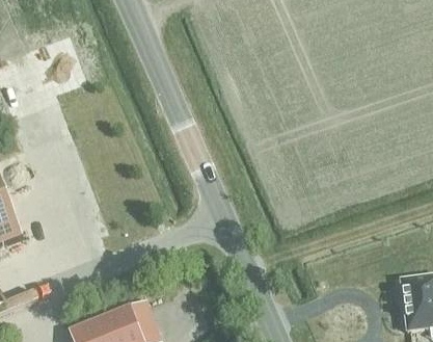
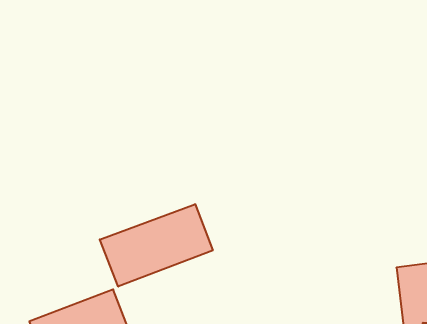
building: none -> [100,204,213,287]

